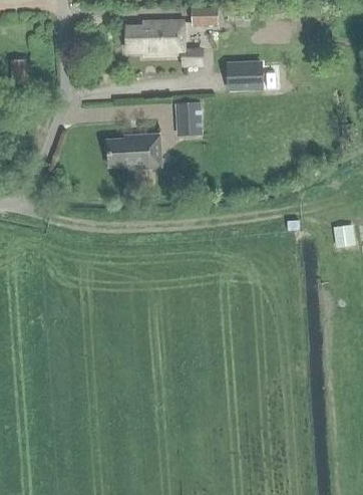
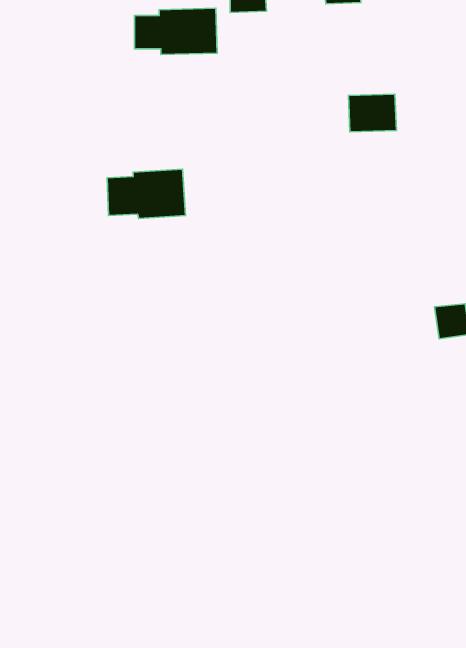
building: [227,61,260,87] -> [349,94,396,132]
building: [176,100,201,134] -> none

